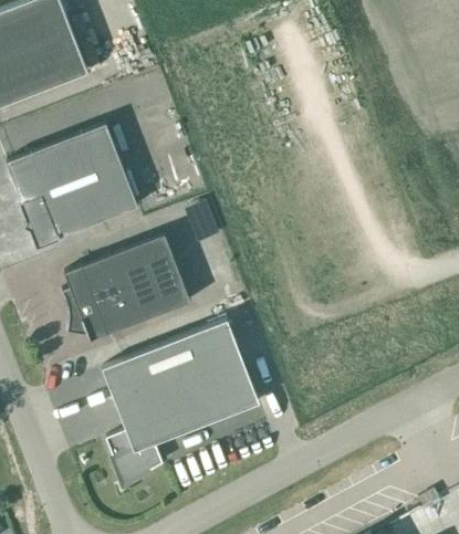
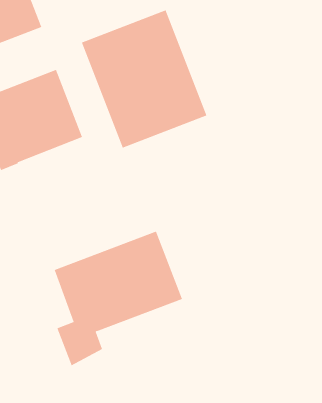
building: none -> [81,9,207,149]
building: [59,235,191,343] -> none

